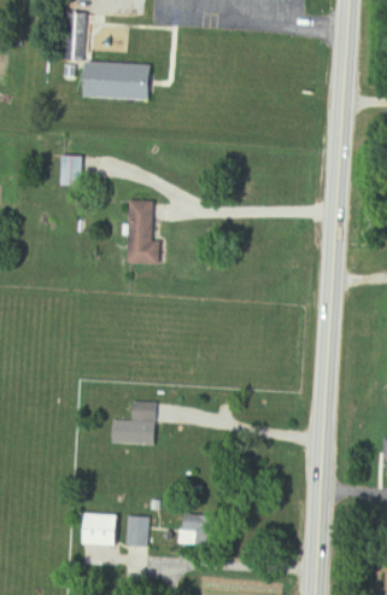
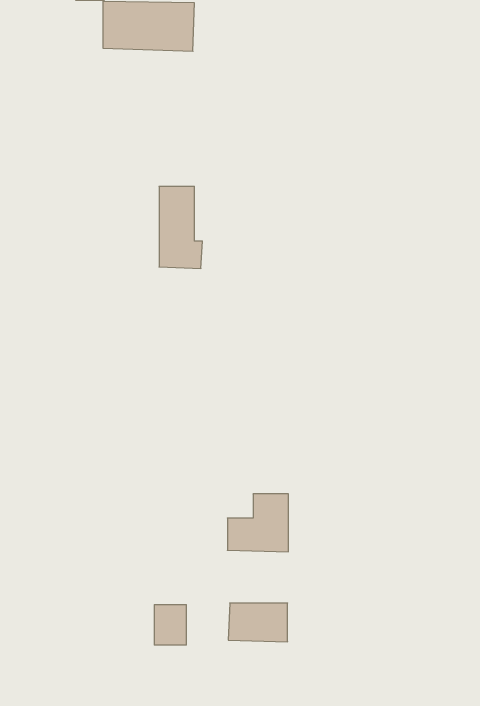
building: [59,157,82,186] -> none
building: [107,402,153,445] -> [227,494,288,552]
building: [82,514,116,543] -> none

